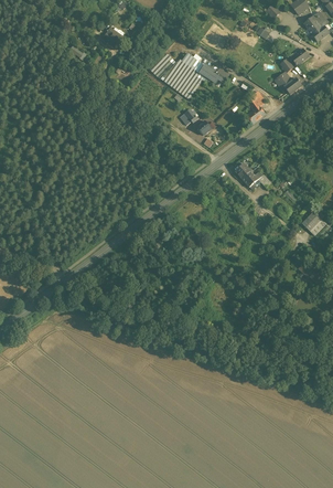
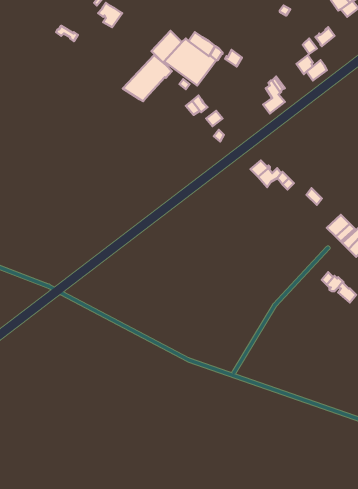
building: none -> [123,55,172,101]

